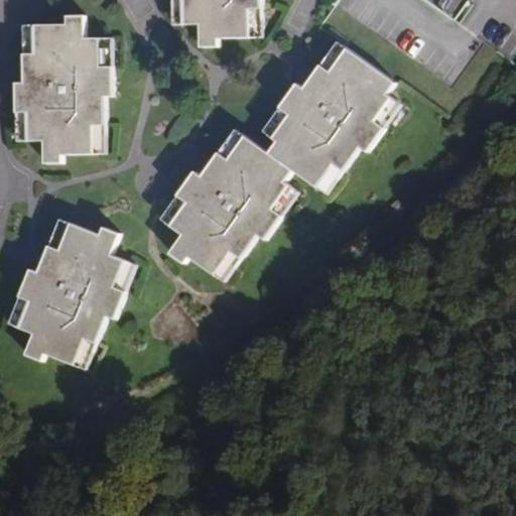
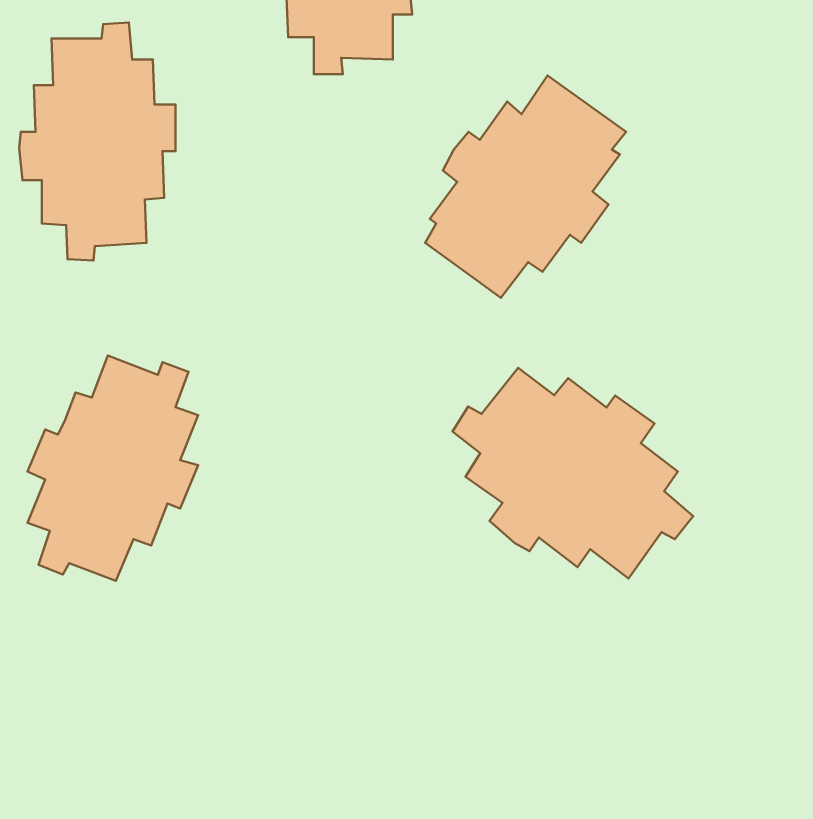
building: [167,135,291,274] -> none
building: none -> [453,368,693,579]

